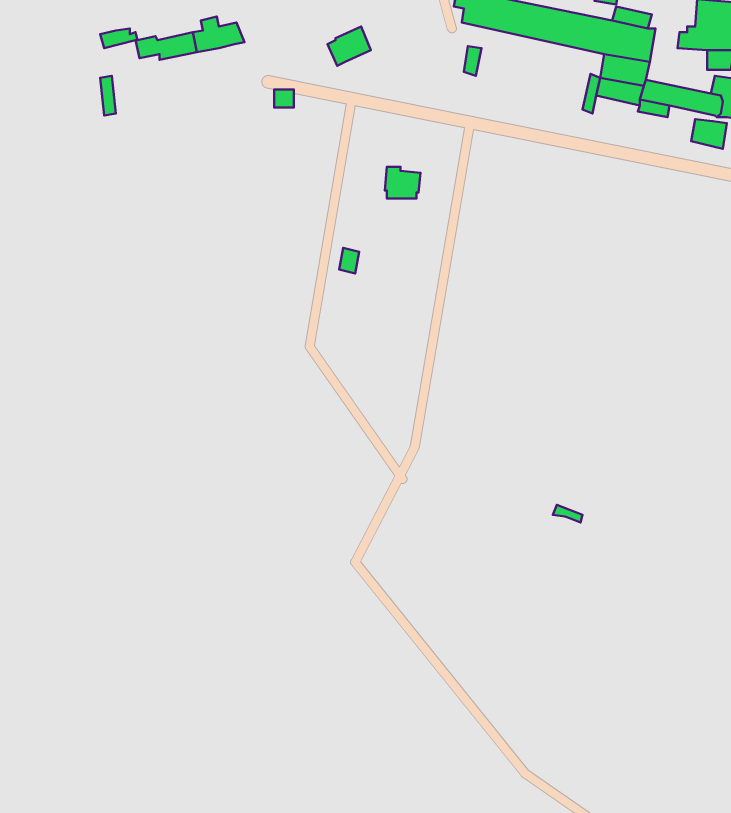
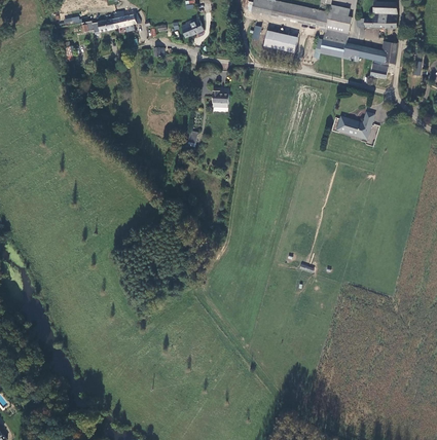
building: none -> [263,30,298,52]
building: none -> [336,111,375,138]

